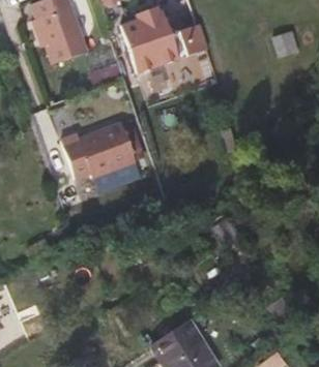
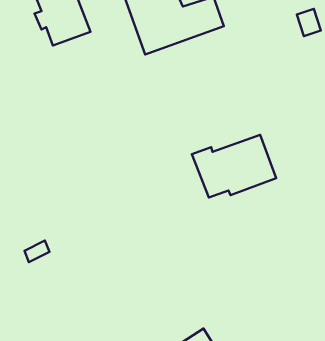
building: [60,122,137,179] -> [192,135,276,198]

